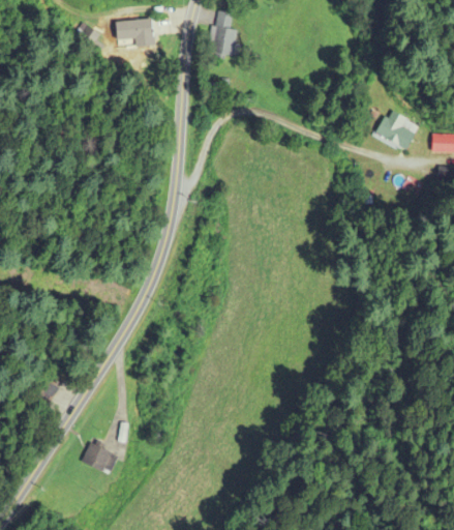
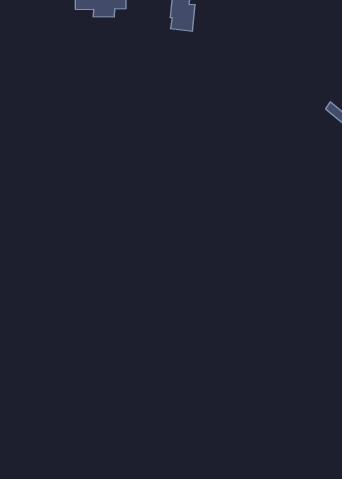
building: [82,443,119,474] -> none

